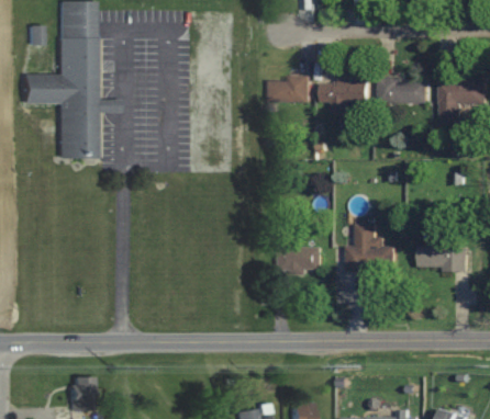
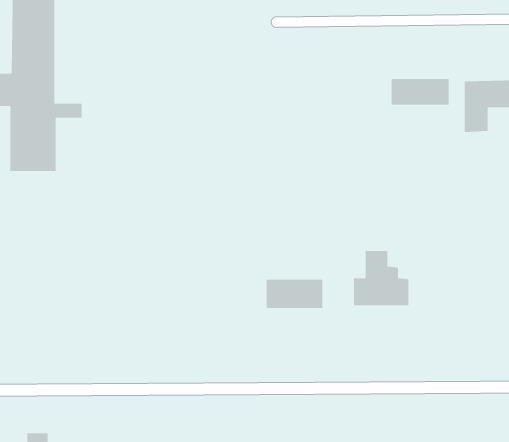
building: [265,76,310,102] -> none
building: [322,80,369,115] -> none
building: [419,247,468,270] -> none

